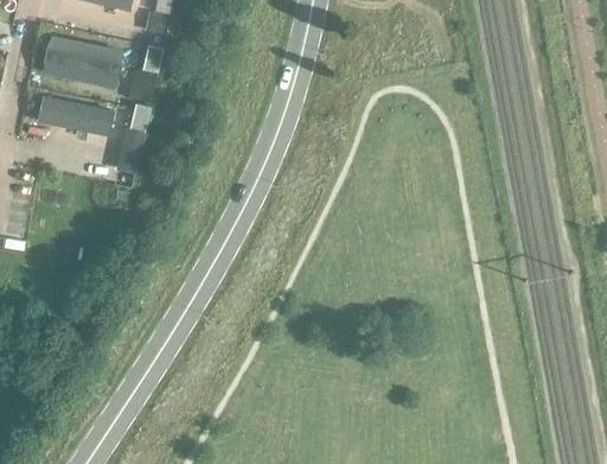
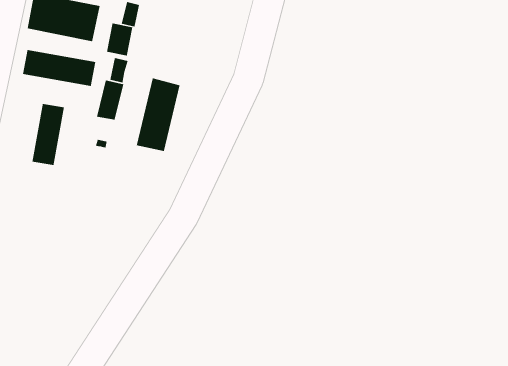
building: none -> [136,78,180,152]
building: none -> [32,103,64,166]

